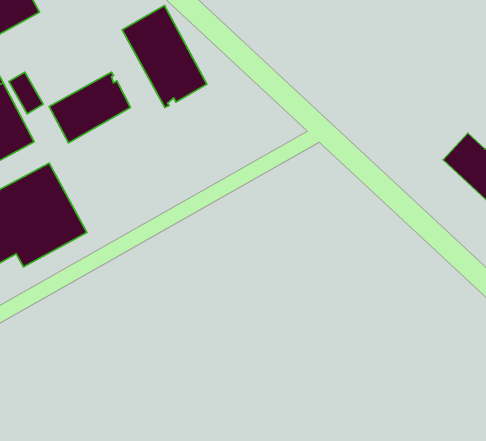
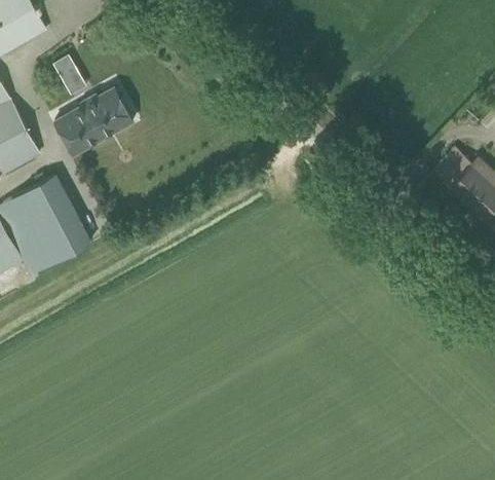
building: [122,5,207,107] -> none
building: [9,72,43,114] -> [53,54,86,95]

